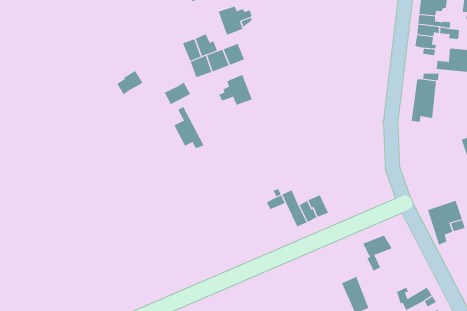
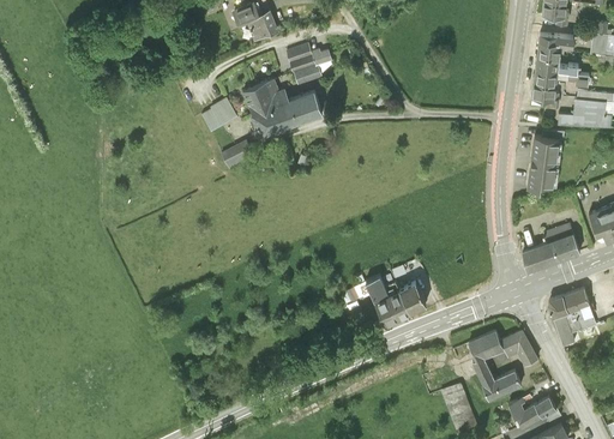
building: [116,70,143,95] -> [203,98,236,130]
building: [218,74,252,106] -> none
building: [174,106,204,149] -> none
building: none -> [522,222,580,270]
building: none -> [500,327,537,363]
building: none -> [481,369,520,398]

